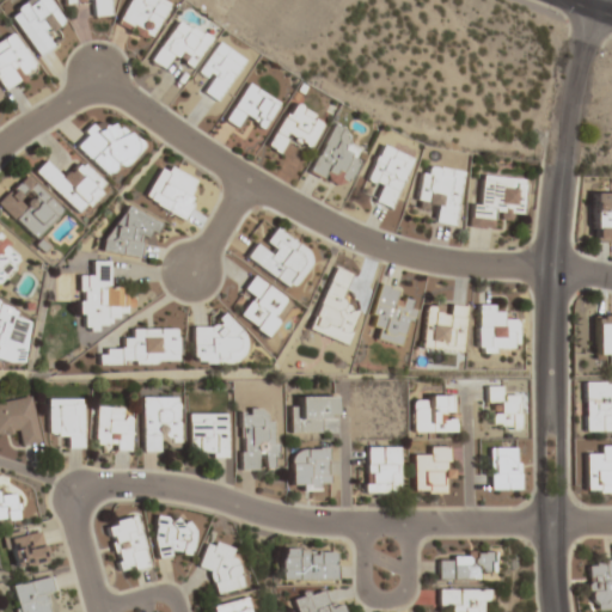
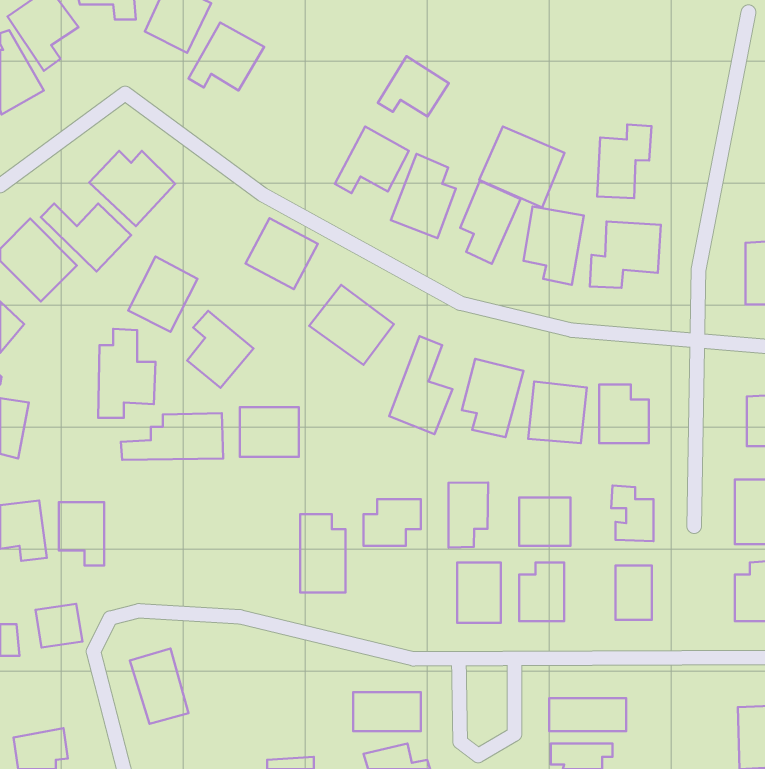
building: [200,42,247,102] -> none
building: [227,82,283,130] -> [378,56,449,116]
building: none -> [597,125,651,198]
building: none -> [479,127,565,208]
building: [147,163,204,219] -> [246,218,318,289]
building: [241,275,294,336] -> [187,311,254,388]
building: none -> [448,483,488,548]
building: [145,397,182,452] -> none
building: [98,406,134,451] -> none
building: [192,414,230,457] -> none
building: [294,448,331,490] -> none
building: [157,518,197,556] -> none
building: [12,533,49,568] -> [36,604,82,648]
building: [204,541,245,593] -> none

